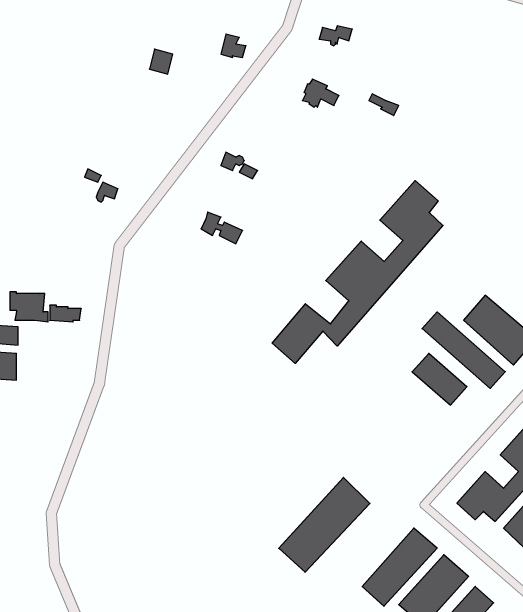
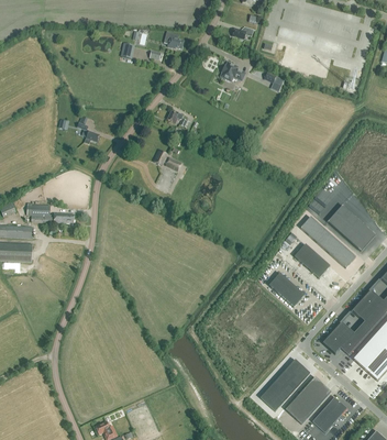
building: [272,181,443,363] -> none
building: none -> [268,272,305,306]
building: [279,477,370,572] -> none

